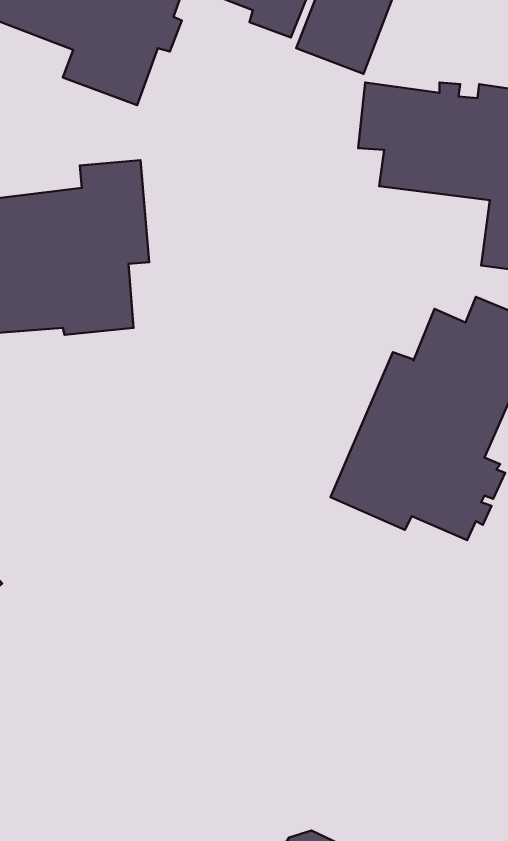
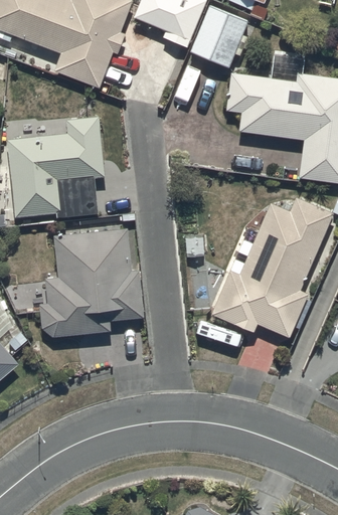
building: none -> [40,228,144,338]

